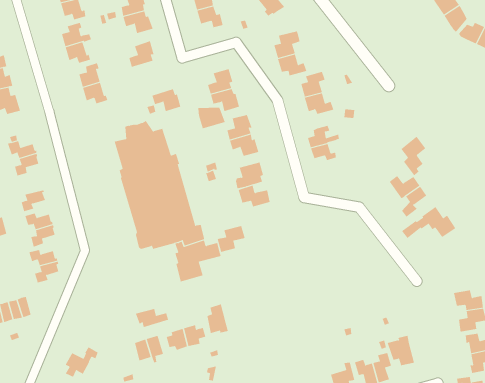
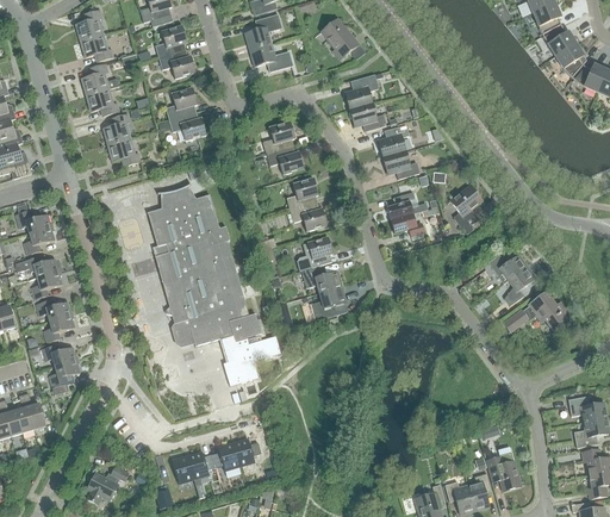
building: [151,89,181,112] -> [168,112,205,141]
building: [198,107,226,129] -> none
building: [400,136,426,176] -> [449,185,481,235]
building: none -> [14,255,60,278]
building: [217,225,246,252] -> [310,287,346,320]
building: [207,303,229,334] -> none
building: [135,308,169,328] -> none

